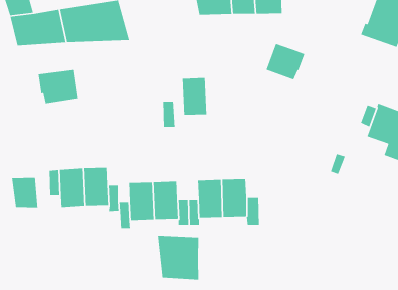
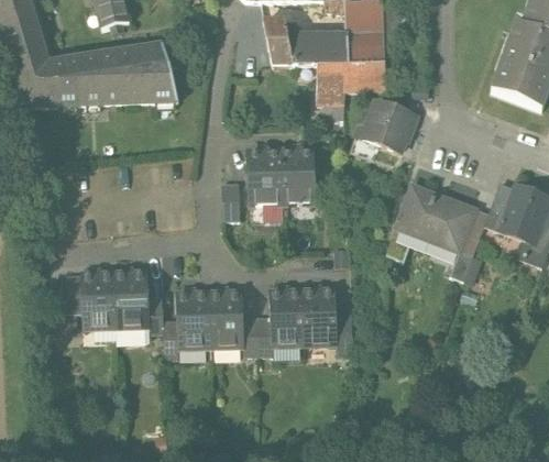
building: none -> [316,62,385,101]
building: [38,69,79,105] -> none
building: none -> [279,146,315,199]
building: none -> [395,188,475,246]
building: [11,177,38,209] -> none
building: [157,235,199,280] -> none

